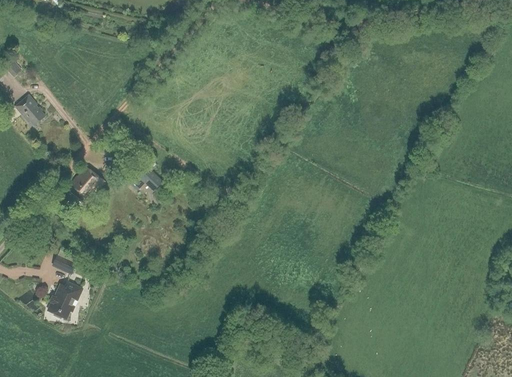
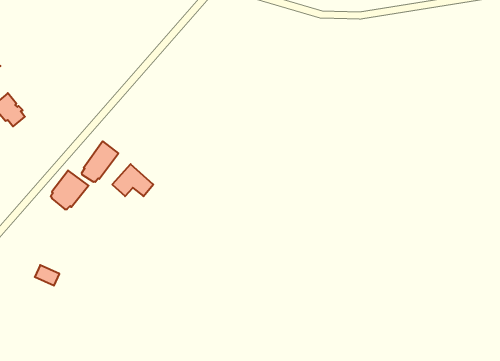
building: none -> [82,141,118,182]
building: [47,281,82,319] -> none

